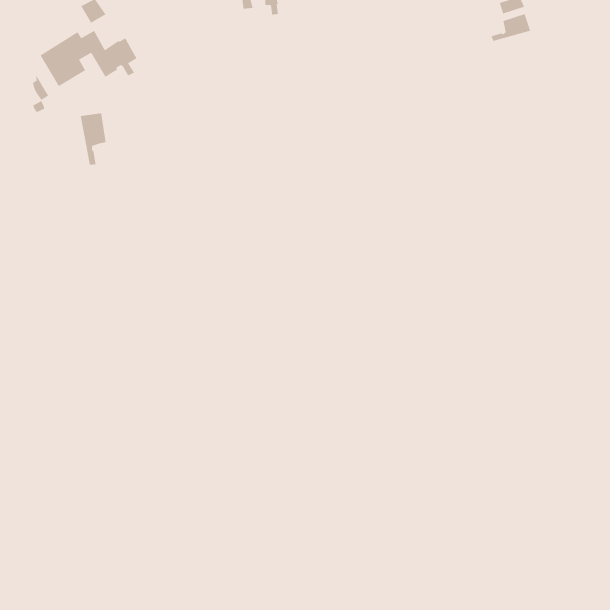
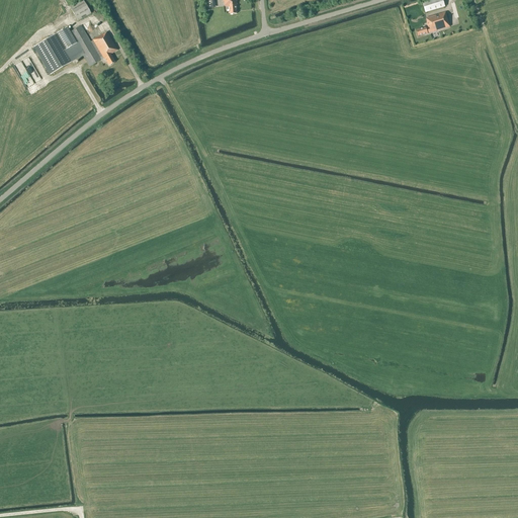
building: [80,112,106,165] -> none

